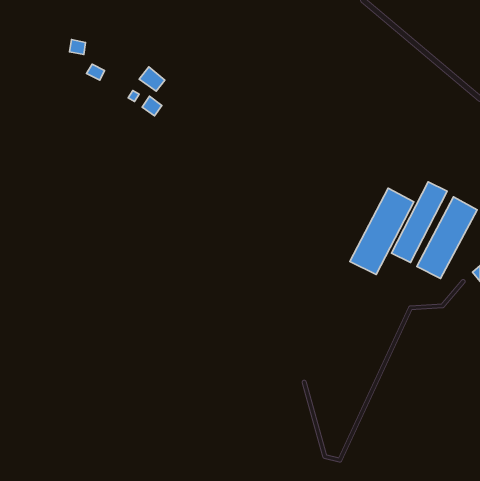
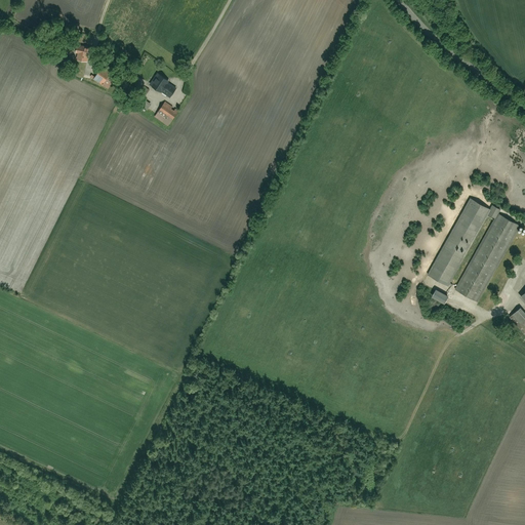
building: [350,188,414,275] -> none

